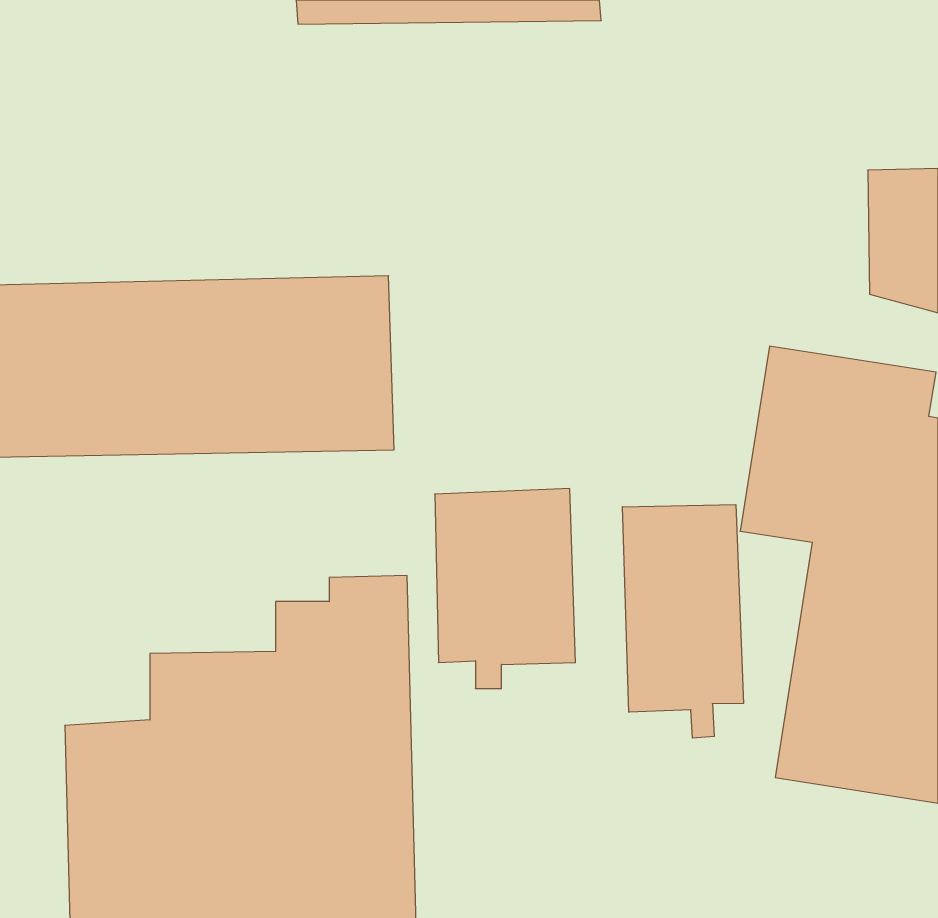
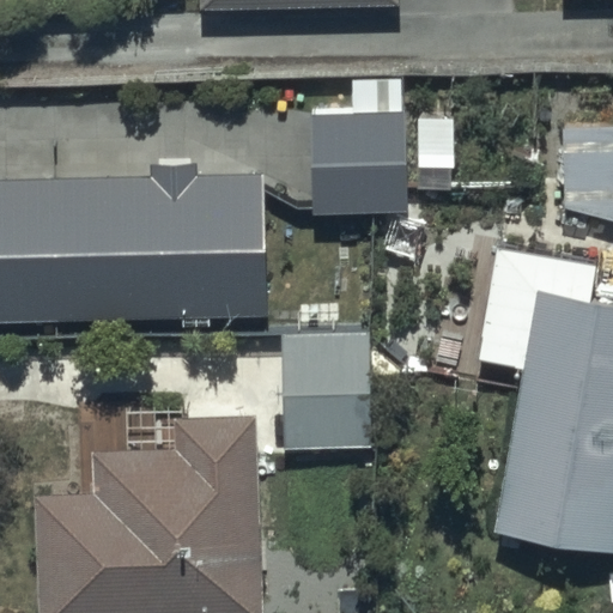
building: none -> [306,131,401,232]
building: [622,505,744,738] -> none

